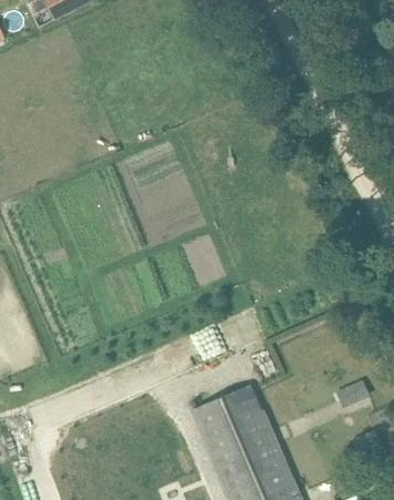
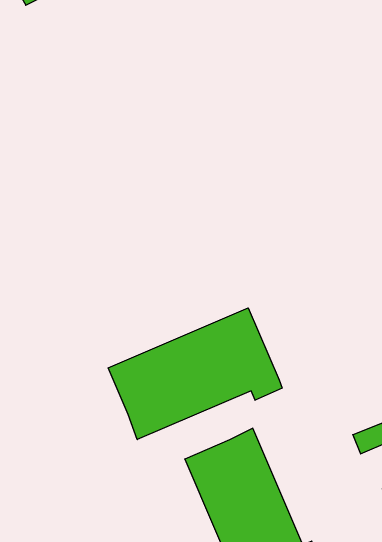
building: none -> [108,308,282,440]

